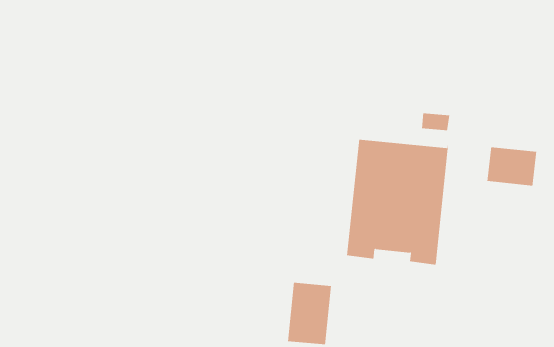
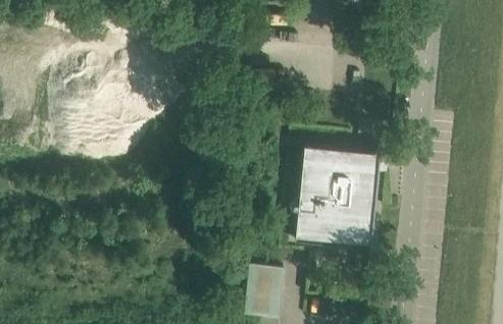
building: [487,146,537,186] -> none

